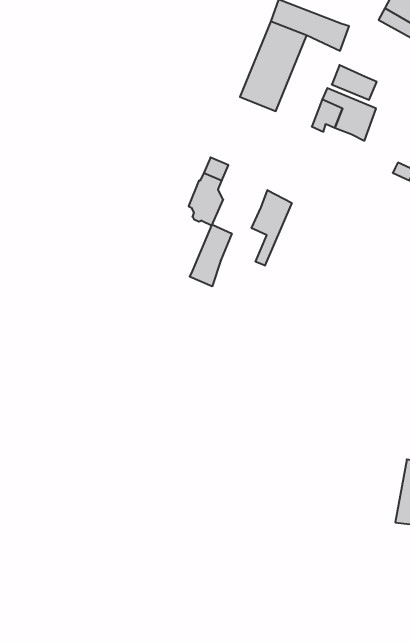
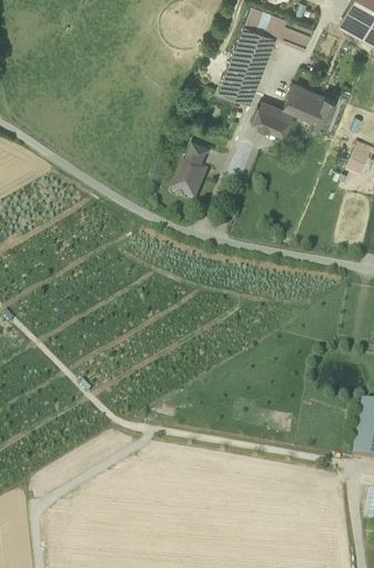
building: [332,65,377,100] -> [251,106,290,136]
building: [252,190,292,266] -> none
building: [190,225,232,286] -> none

